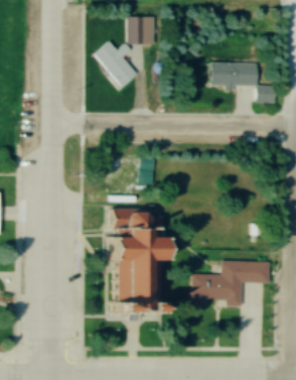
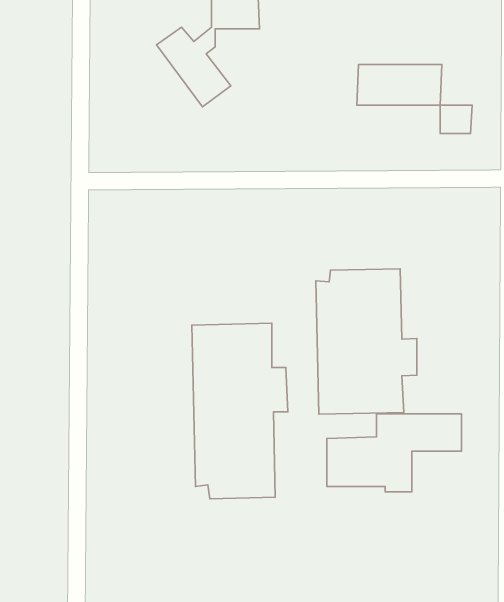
building: none -> [316,269,417,414]

